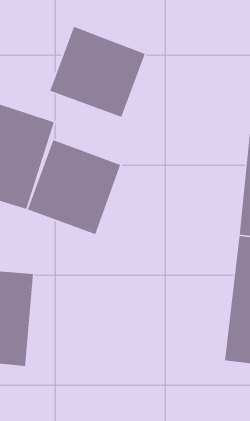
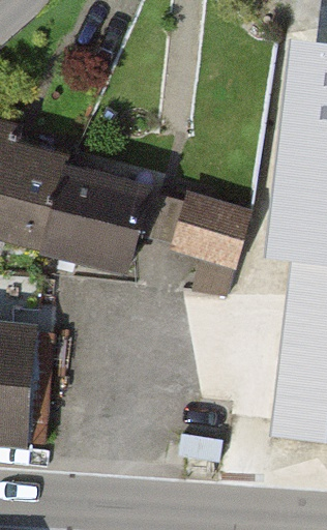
building: [49,26,146,118] -> none
building: none -> [169,187,256,270]

